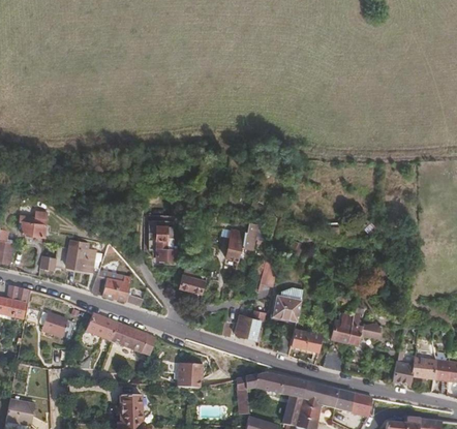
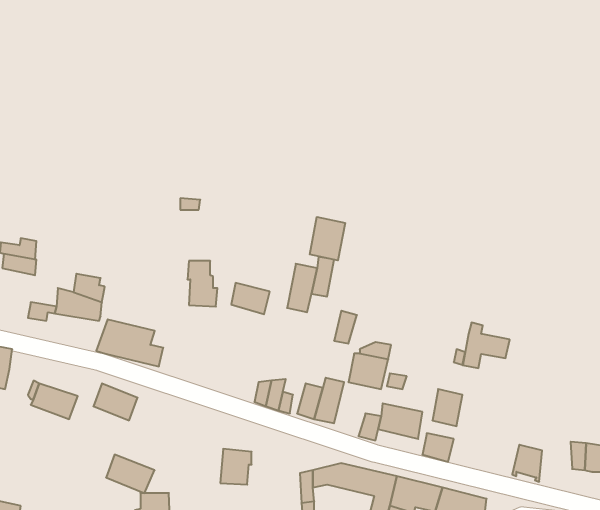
building: none -> [310,217,345,260]
building: [180,274,208,297] -> [231,283,270,314]
building: [349,314,384,347] -> [463,323,510,368]
building: [112,325,147,353] -> [106,455,155,493]
building: [409,355,433,387] -> none

